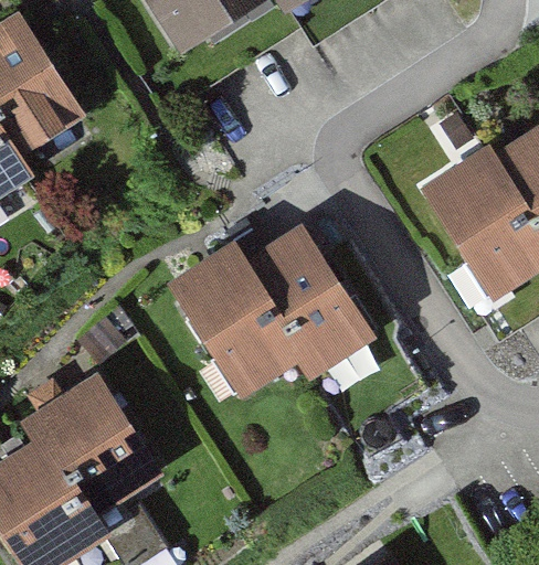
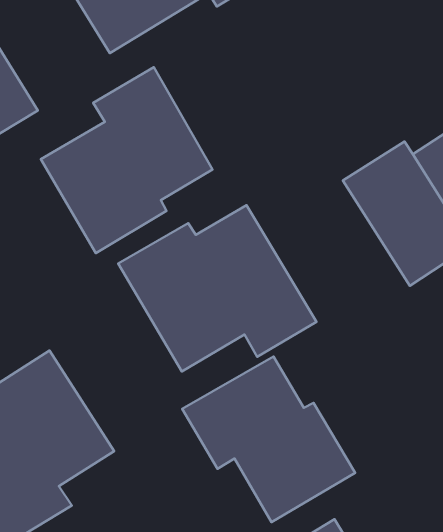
building: none -> [41,67,212,253]
building: none -> [182,356,355,522]

